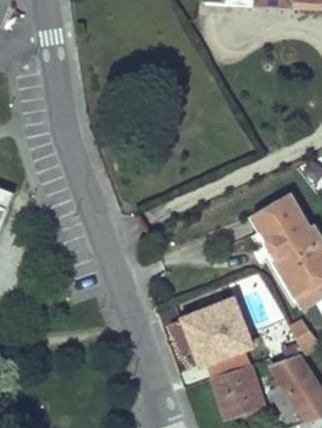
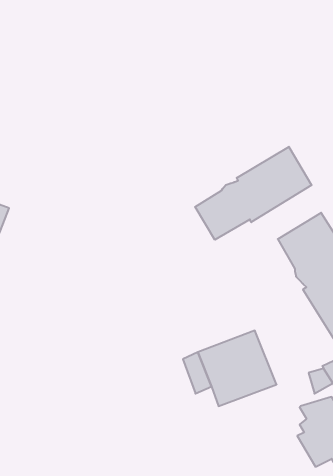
building: none -> [195,147,312,240]
building: [212,365,262,416] -> none

